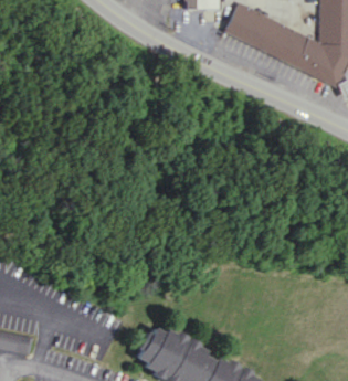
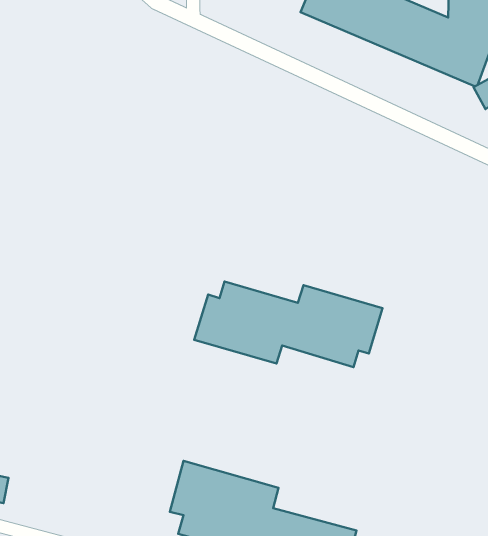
building: none -> [194,282,383,367]

